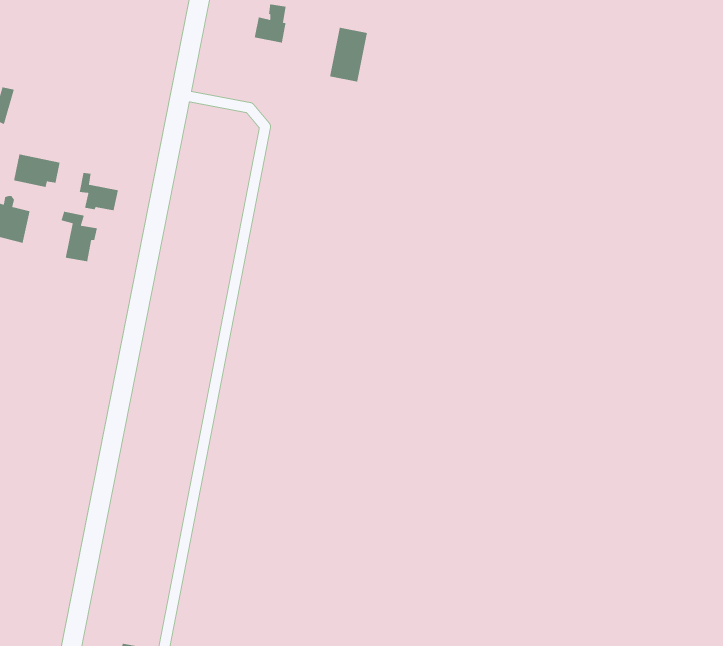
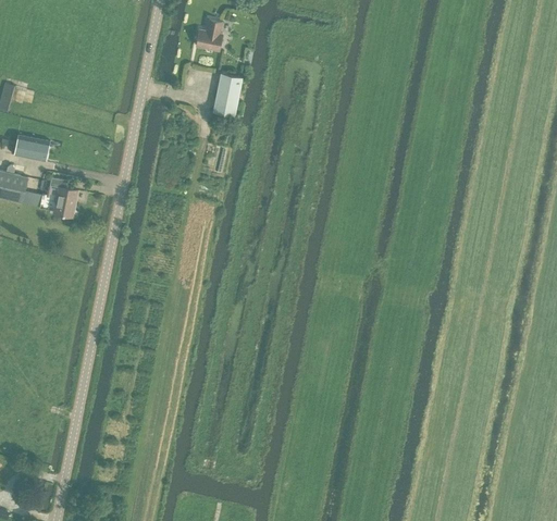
building: [329,27,368,83] -> [212,74,242,116]
building: [79,172,119,211] -> none

